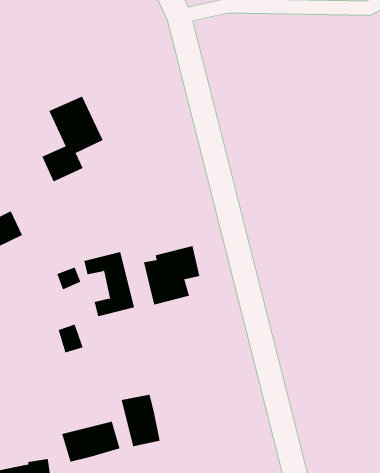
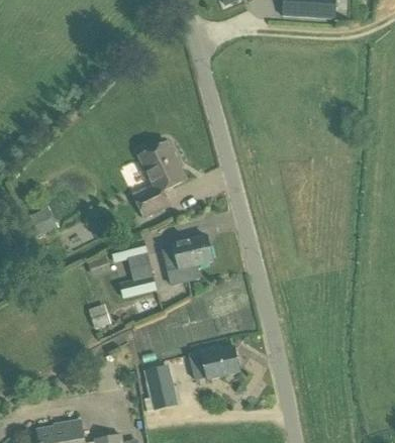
building: [42,96,103,182] -> [133,142,187,217]
building: none -> [188,345,238,378]
building: [61,421,120,462] -> none

